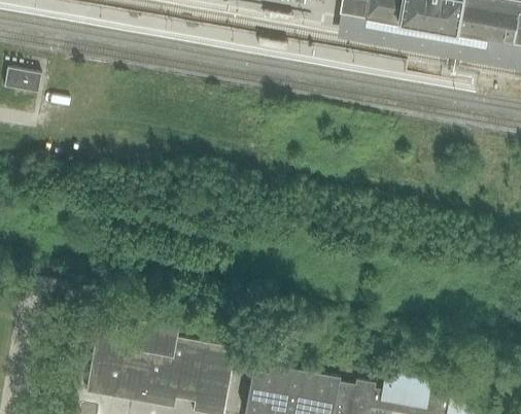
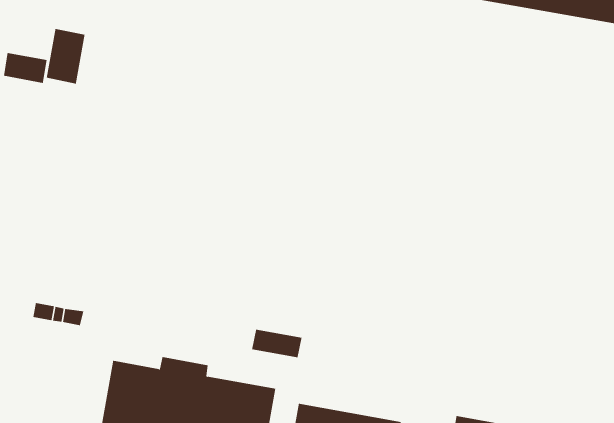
building: none -> [46,28,85,84]
building: none -> [251,329,302,358]

